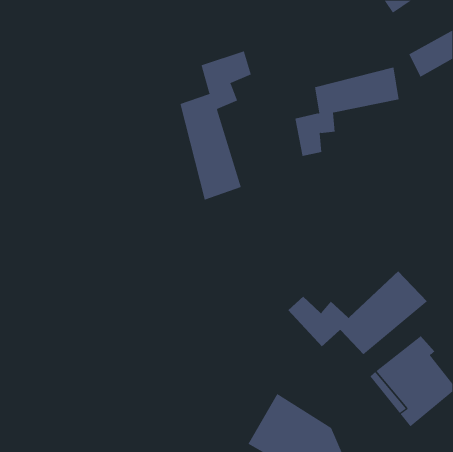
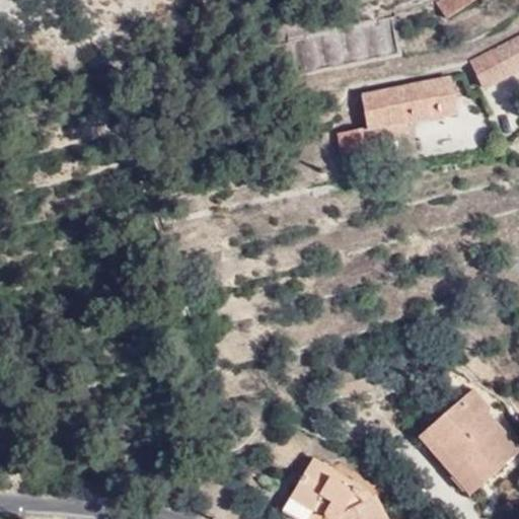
building: [180,50,251,201] -> none
building: [288,270,428,355] -> none

